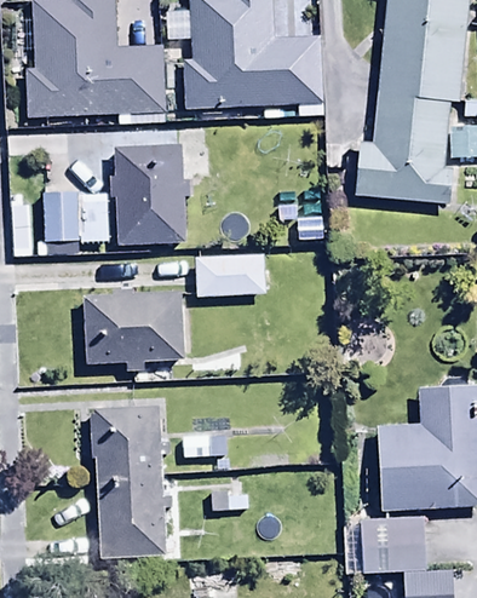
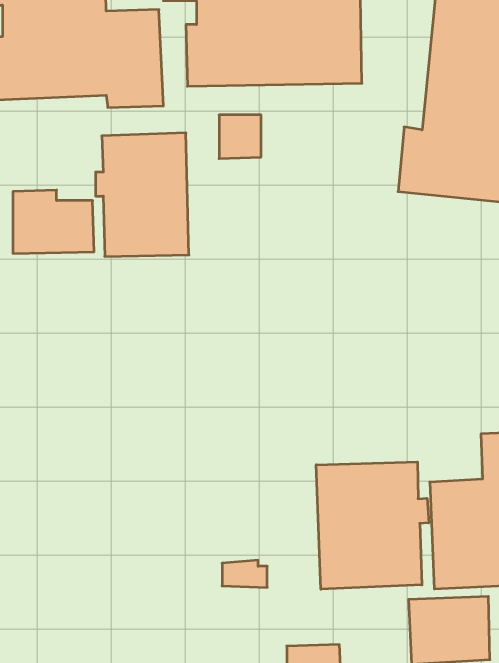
building: [194,252,265,297] -> none
building: [82,292,183,372] -> none
building: [91,407,165,554] -> none
building: none -> [316,462,429,589]

